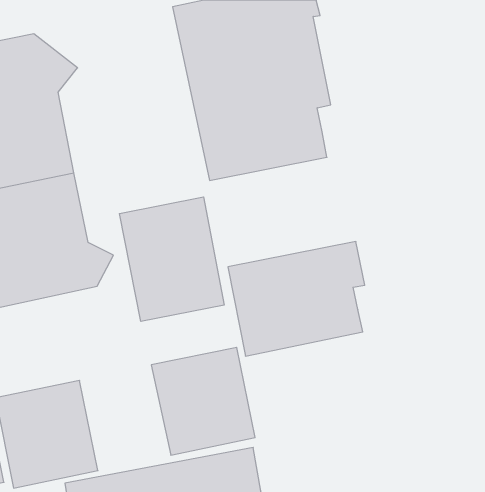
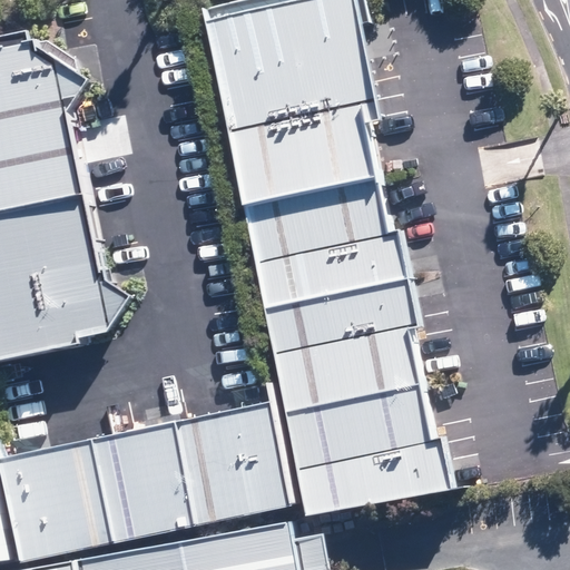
building: none -> [240,185,409,311]
building: [119,197,224,321] -> none
building: none -> [282,385,451,520]
building: none -> [91,423,196,544]

